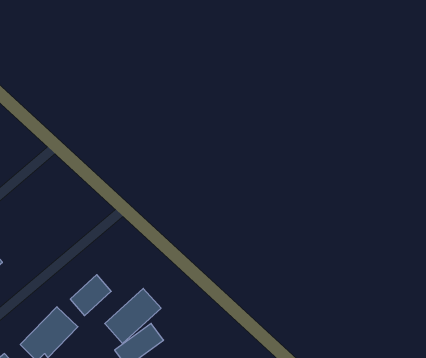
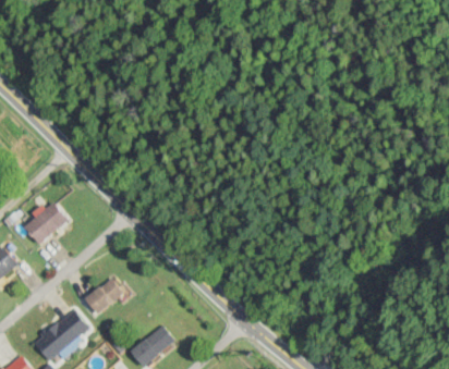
building: none -> [23,202,66,245]
building: [105,288,161,343] -> none

